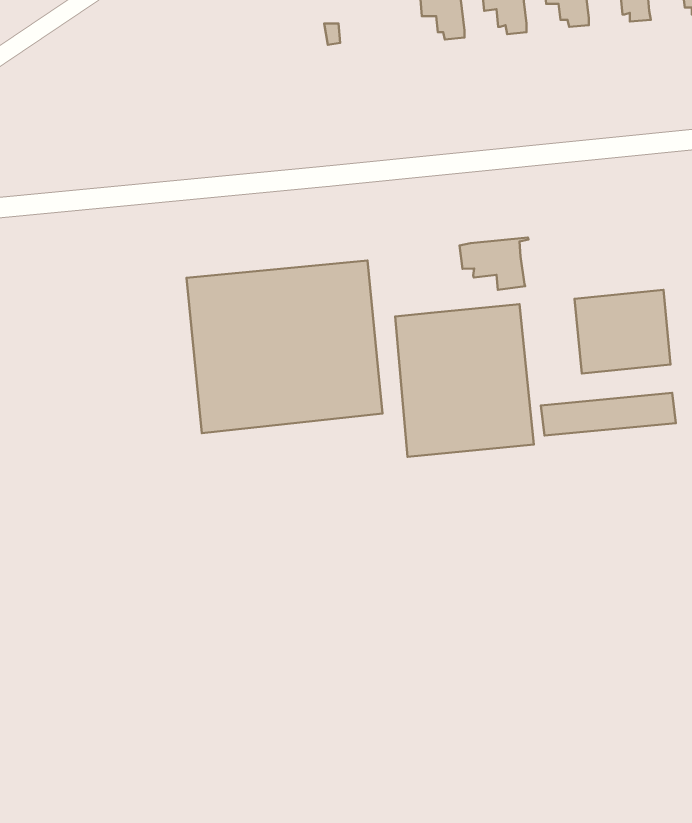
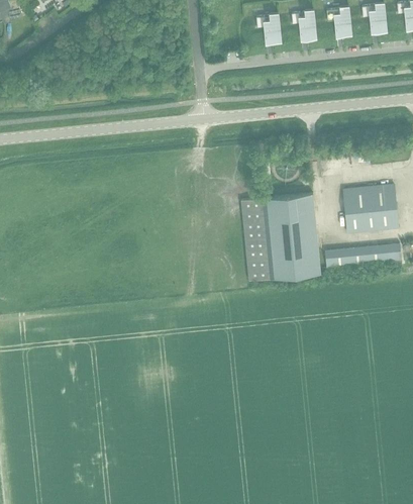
building: [459,238,528,290] -> none
building: [186,261,382,433] -> none

